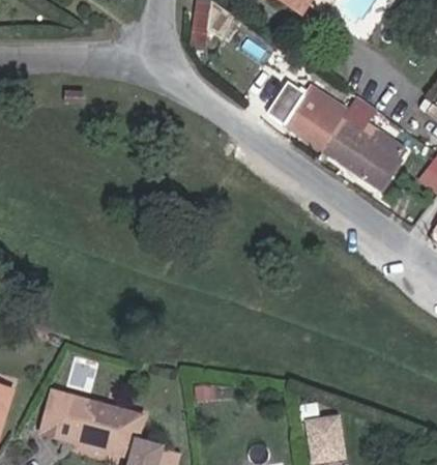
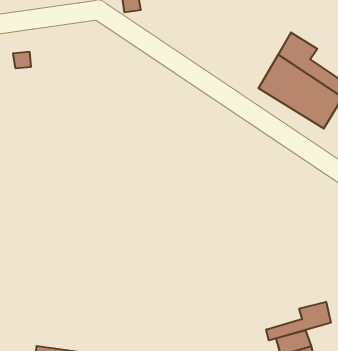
building: [263,75,344,150] -> none
building: none -> [266,302,331,340]

